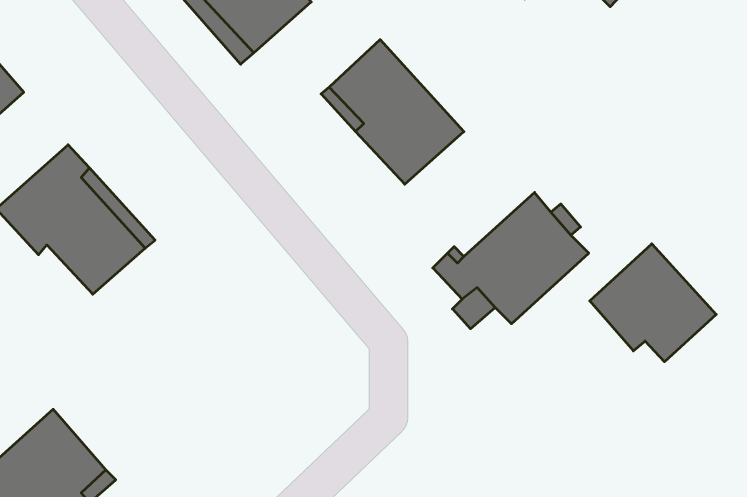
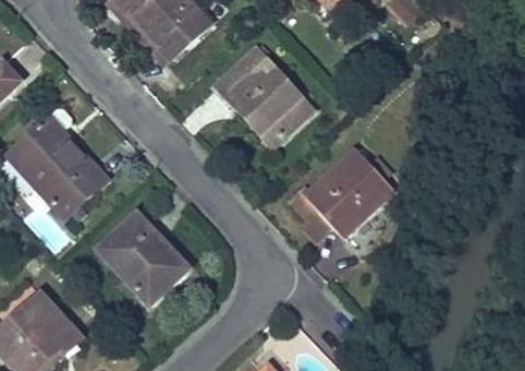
building: [590,244,716,362] -> none
building: none -> [97,212,186,302]

